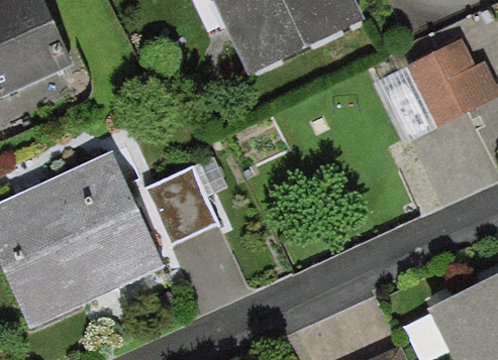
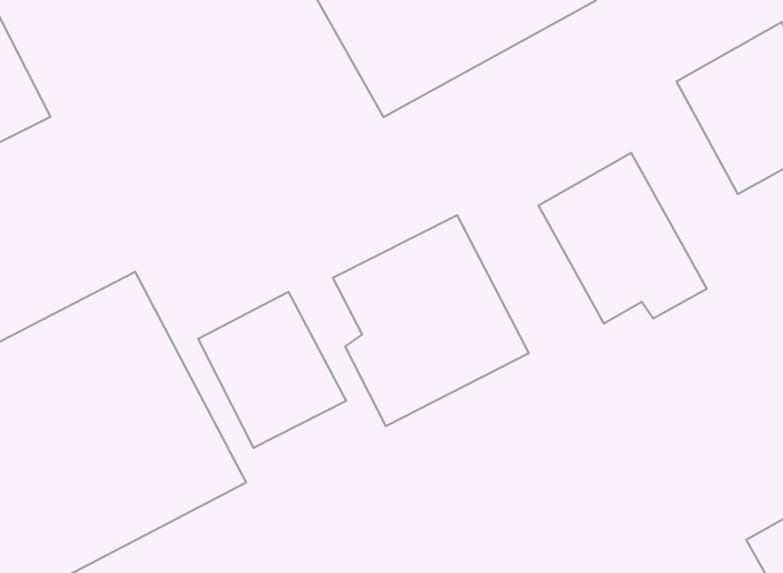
building: none -> [539,153,707,323]
building: none -> [333,215,529,426]

